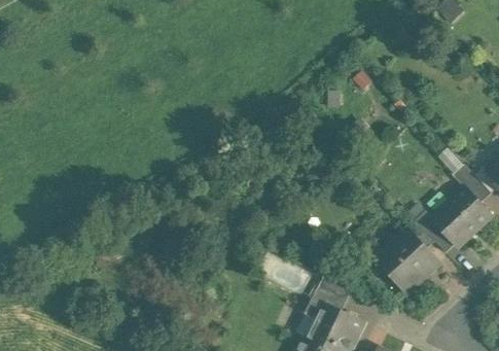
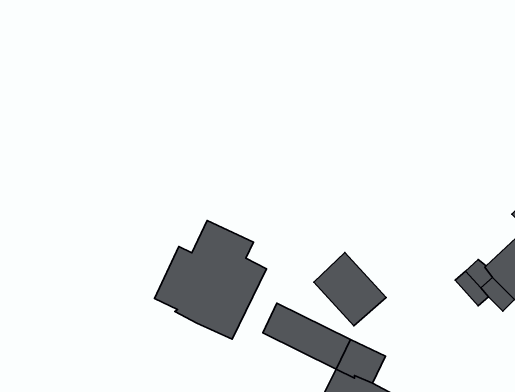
building: none -> [154,220,267,339]
building: [379,233,436,291] -> [314,252,386,326]

